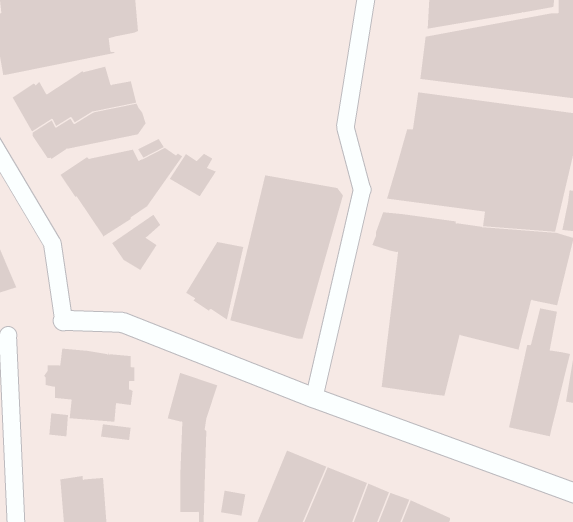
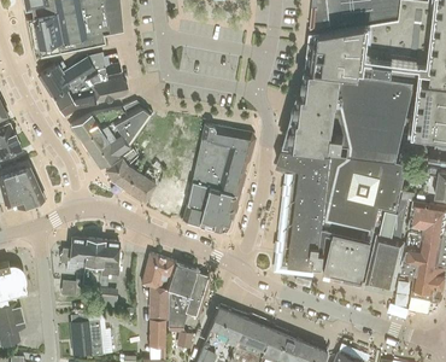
building: [169,153,217,197] -> [124,170,155,199]
building: none -> [322,229,372,284]
building: none -> [166,262,210,327]

